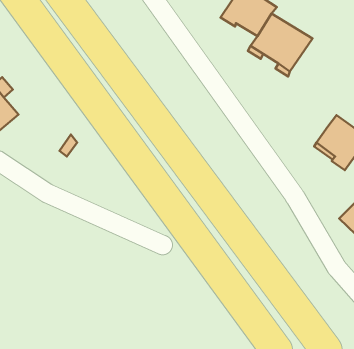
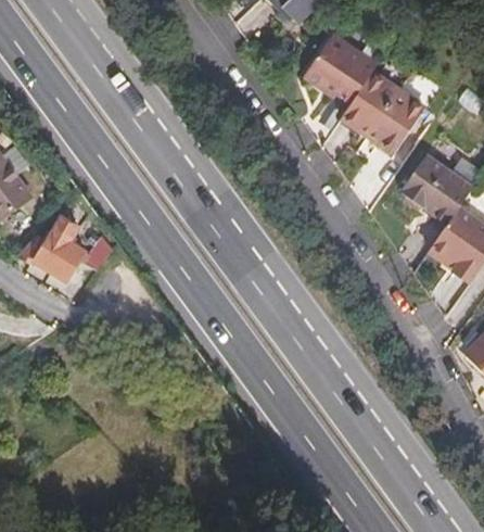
building: none -> [397,155,473,225]
building: none -> [21,214,87,277]

